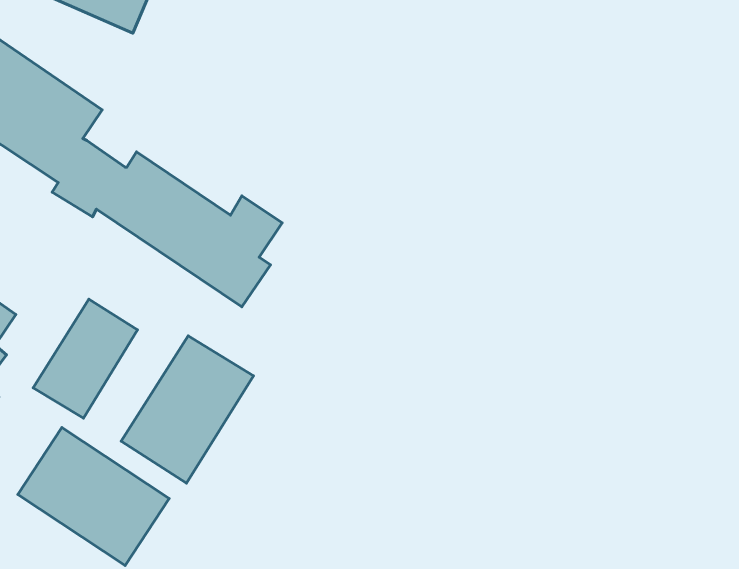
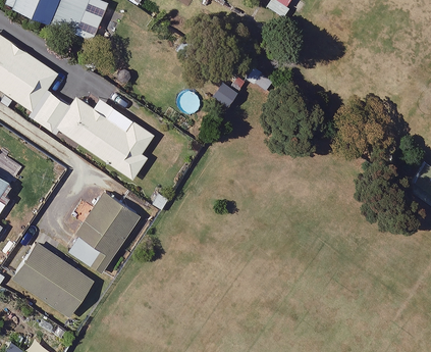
building: [33,299,138,418] -> none

